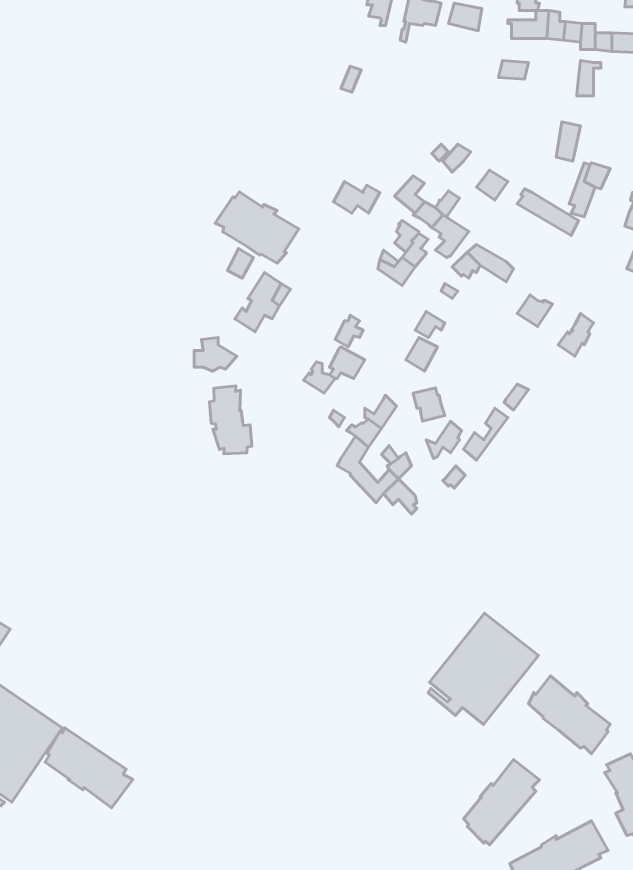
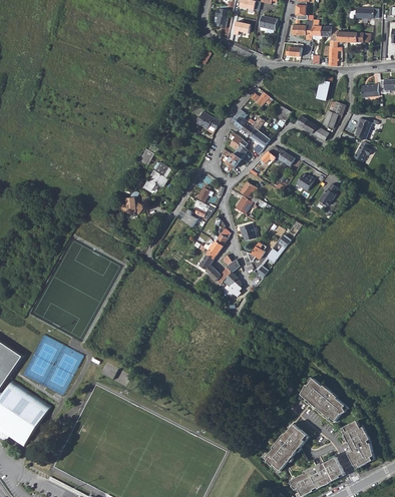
building: [215,192,299,263] -> none
building: [209,386,252,454] -> none
building: [428,613,538,725] -> none
building: [45,728,133,808] -> none

